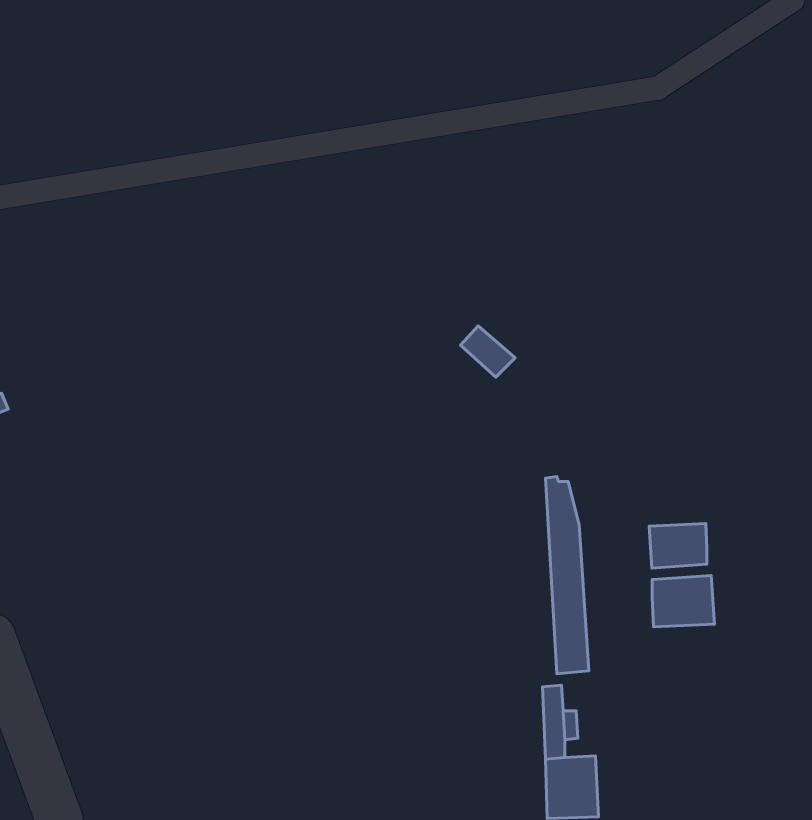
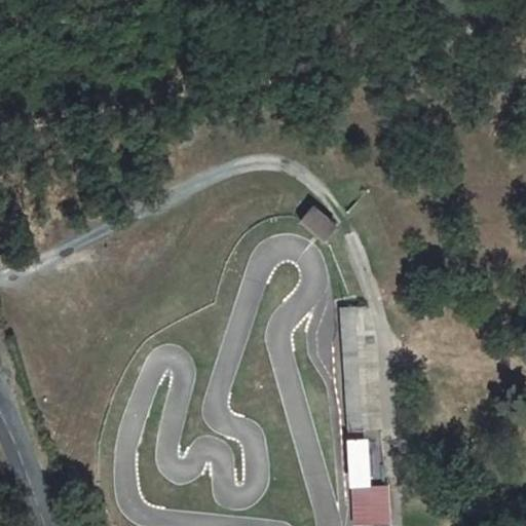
building: [649,524,707,568] -> none
building: [652,575,715,627] -> none

